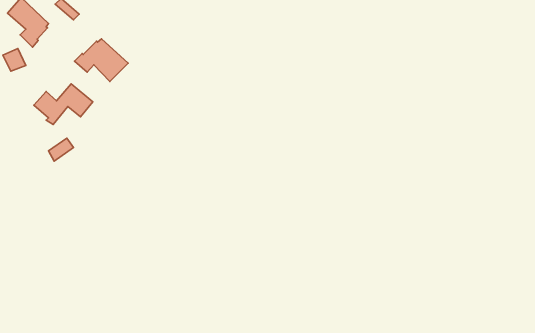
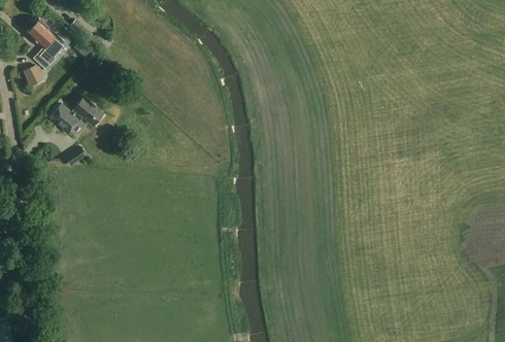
building: [74,39,128,82] -> none

